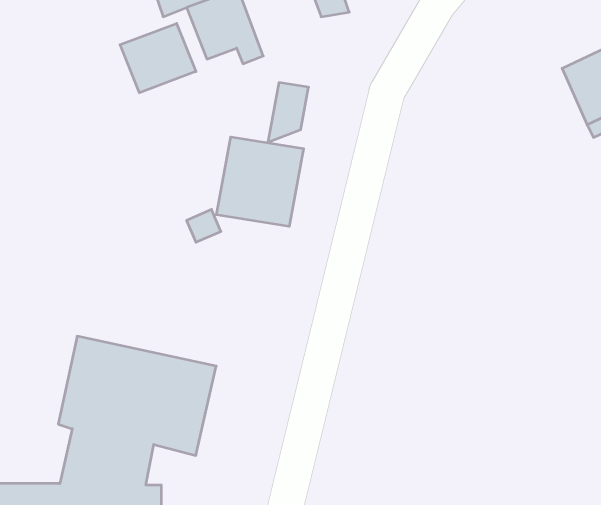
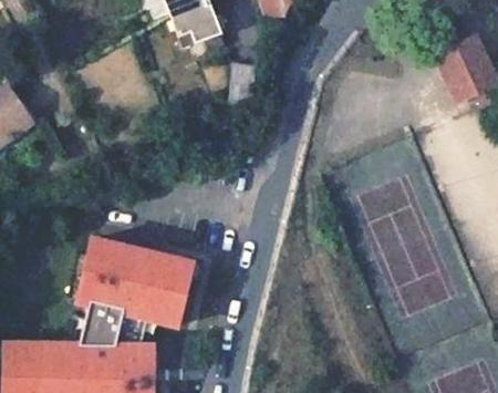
building: [120,23,196,93] -> none
building: [216,137,304,226] -> none

